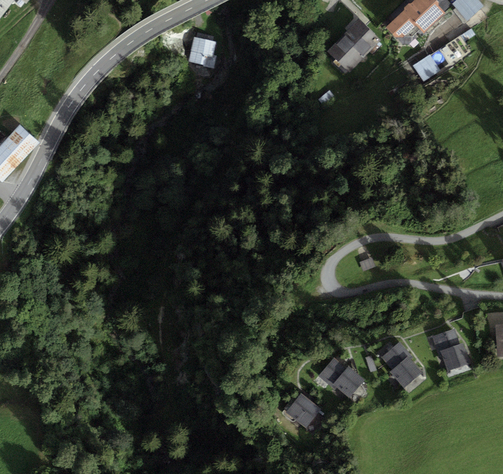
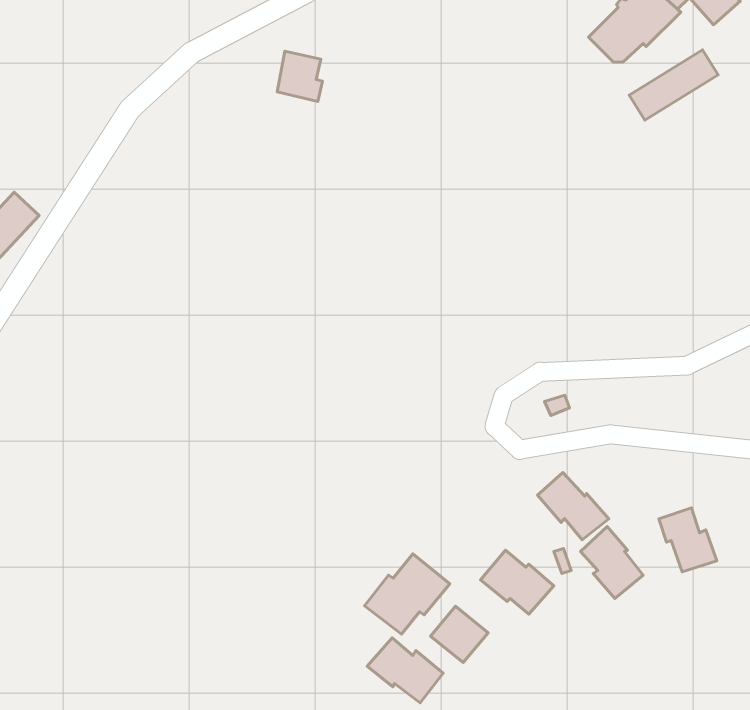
building: [327,20,379,72] -> none
building: none -> [538,472,609,540]
building: none -> [365,554,450,634]
building: none -> [367,638,443,703]

